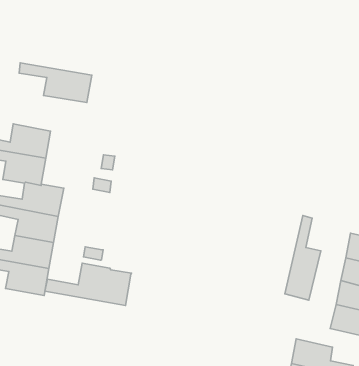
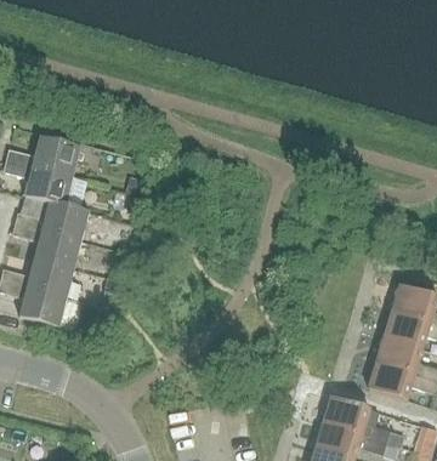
building: [19,63,92,102] -> none
building: [285,215,321,300] -> none
building: [45,263,132,306] -> none

